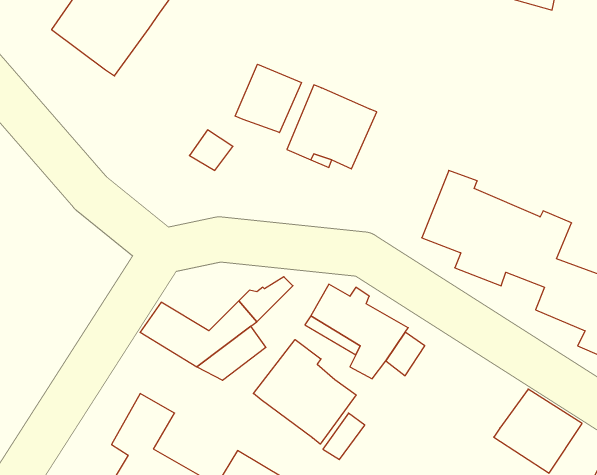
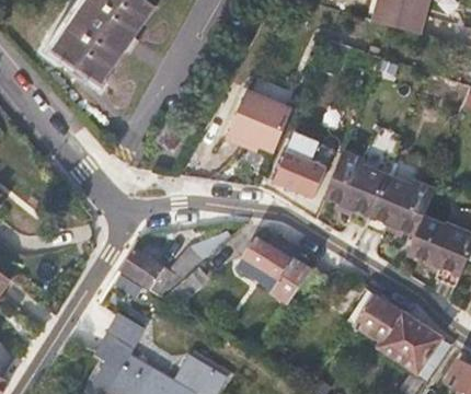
building: [235,64,302,133] -> none
building: none -> [274,132,325,197]
building: [253,340,356,444] -> none
building: none -> [356,294,402,340]

